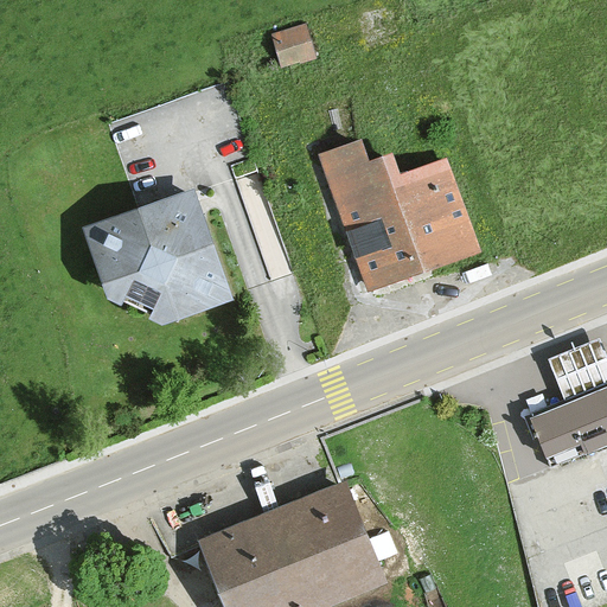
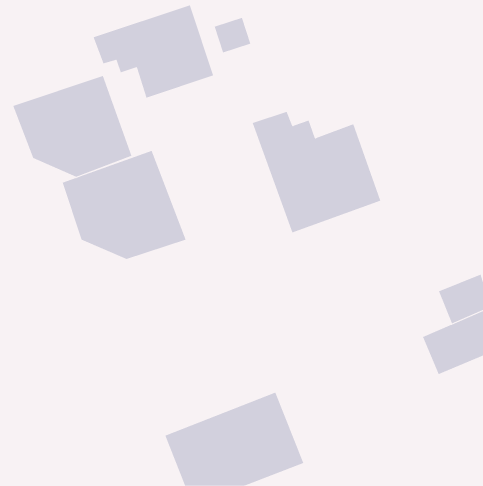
building: none -> [93,4,214,99]
building: none -> [13,75,132,178]

